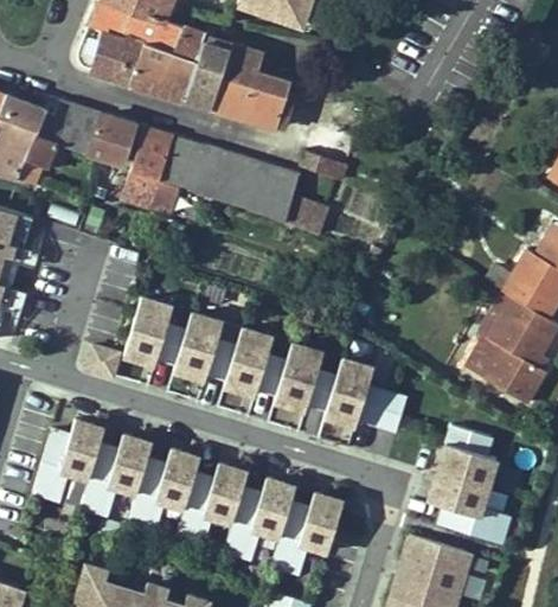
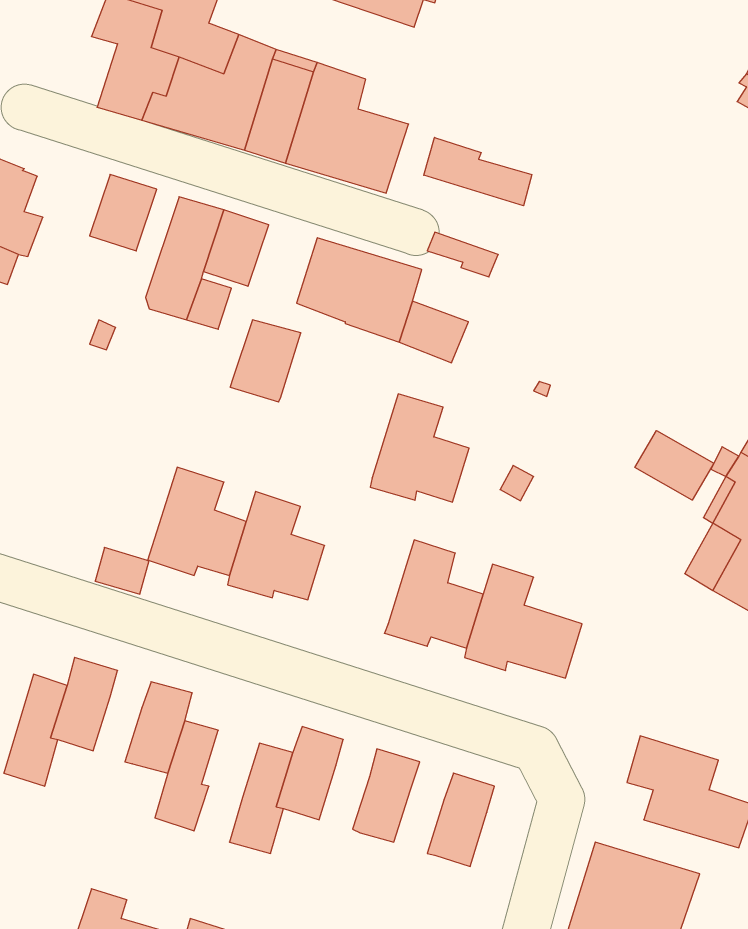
building: none -> [424,137,532,206]
building: [46,101,101,153] -> none
building: [187,146,232,198] -> [230,320,301,402]
building: none -> [635,431,714,500]
building: [225,331,288,400] -> [370,394,469,502]
building: [437,426,495,486] -> none
building: [81,446,121,517] -> none
building: [159,451,201,510] -> none
building: [225,490,265,561] -> none
building: [272,505,313,575] -> none

